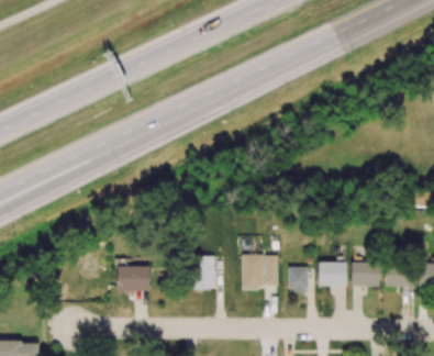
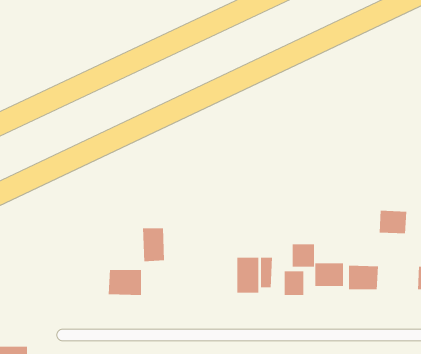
building: none -> [292,244,314,267]
building: [193,257,215,290] -> [142,228,165,262]
building: [385,265,412,288] -> [379,210,407,234]

